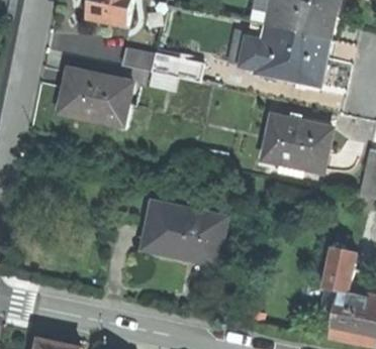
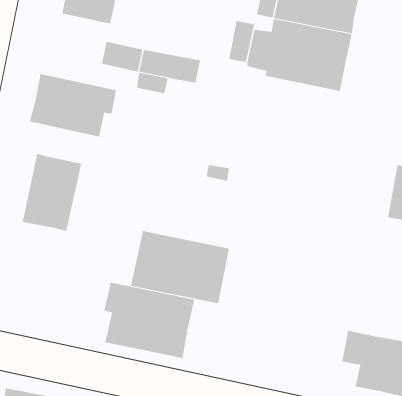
building: [262,116,330,169] -> none
building: none -> [22,153,82,232]
building: none -> [104,282,195,359]
building: [325,251,357,294] -> none

